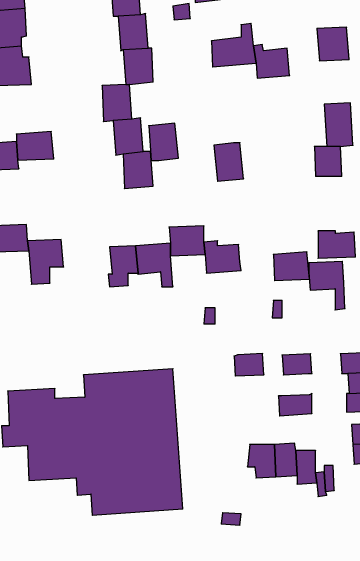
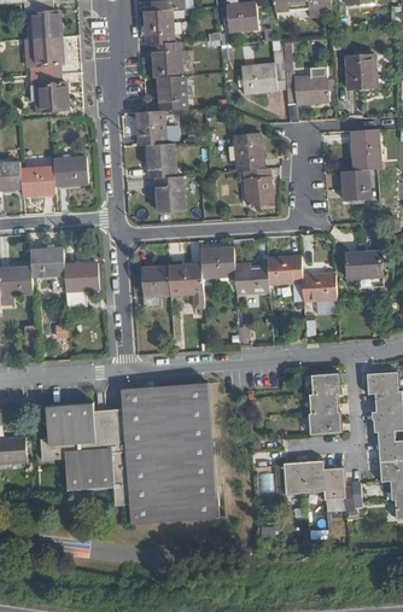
building: [149,123,178,161] -> [235,133,264,169]
building: [309,261,345,310] -> [269,255,304,302]
building: [234,354,264,376] -> [309,391,338,413]

